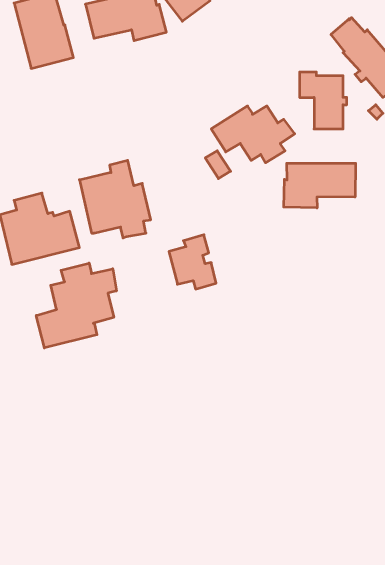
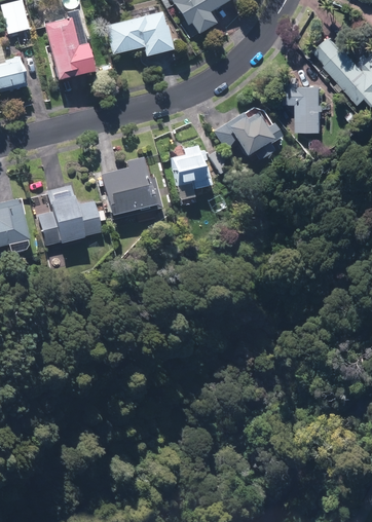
building: [284,163,356,208] -> none
building: [169,235,216,289] -> [169,144,209,190]
building: [36,263,116,348] -> none

